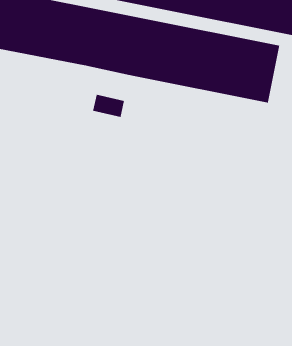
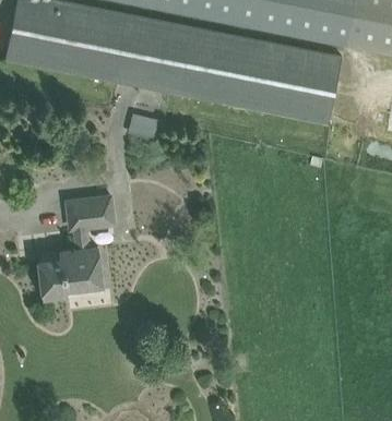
building: none -> [68,195,115,228]
building: none -> [40,246,103,297]

